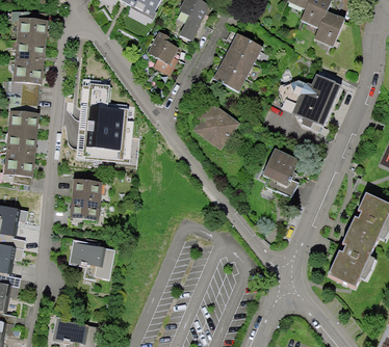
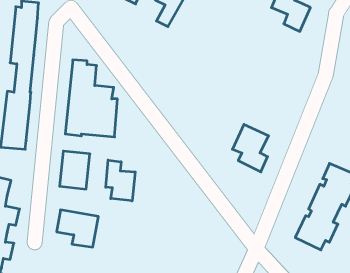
building: [144,33,177,78] -> none
building: [213,34,261,91] -> none
building: [277,77,338,135] -> none
building: [196,104,237,146] -> none
building: none -> [106,160,135,201]

